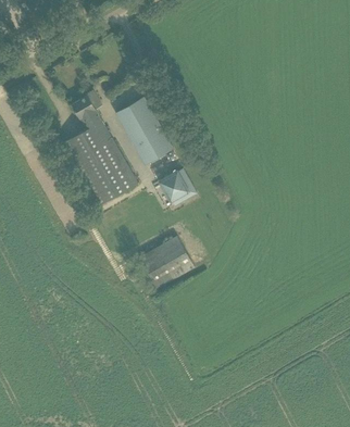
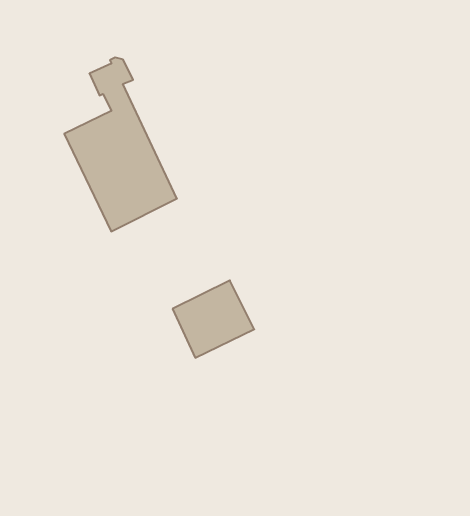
building: [115,95,173,162] -> none
building: [161,166,197,204] -> none

